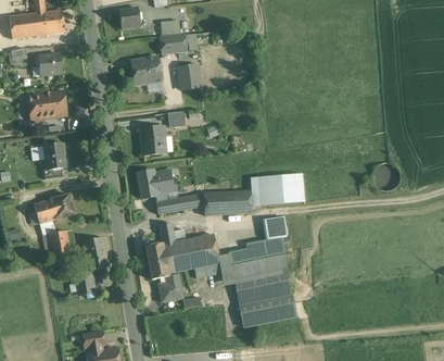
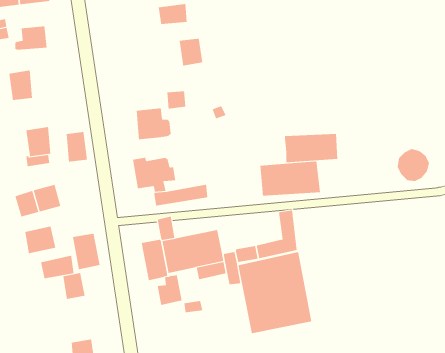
building: [130,55,161,85] -> none
building: [47,90,66,117] -> [66,132,88,162]
building: [203,189,251,215] -> [284,134,338,163]
building: none -> [41,255,74,279]

